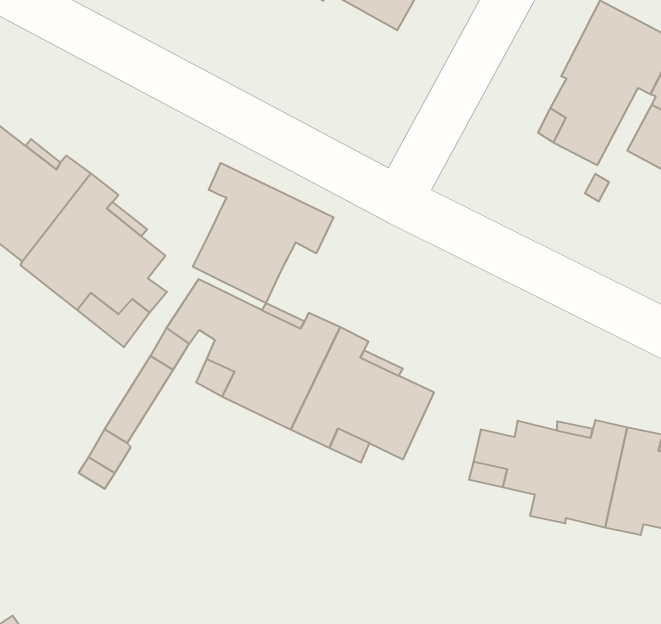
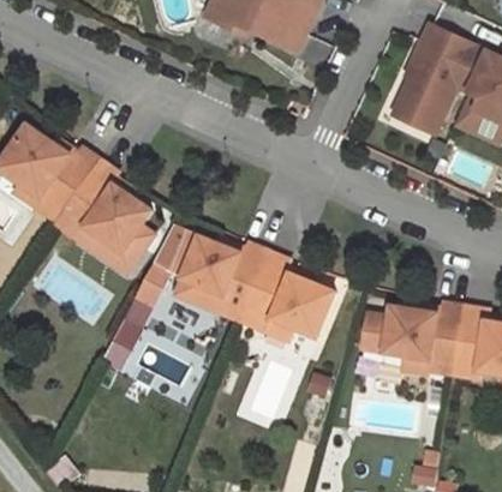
building: [193,163,334,303] -> none

